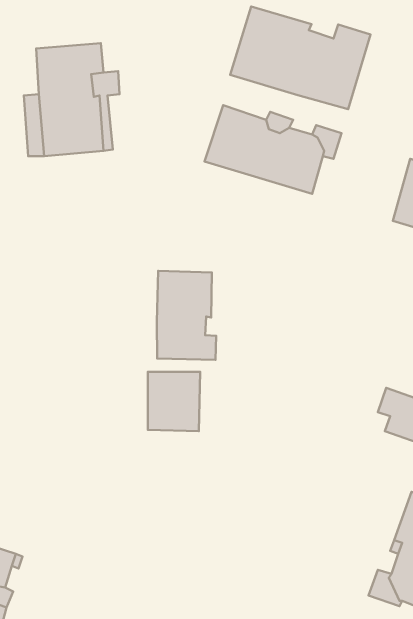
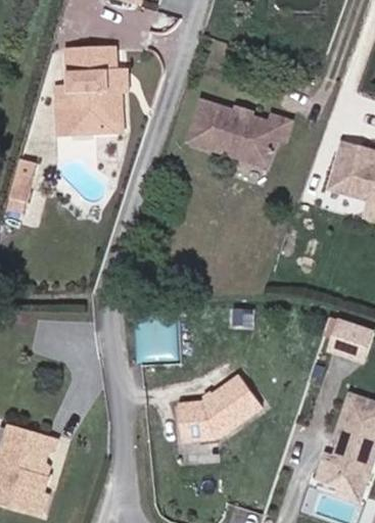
building: [230,7,370,109] -> none
building: [157,271,216,360] -> none
building: none -> [176,372,260,437]

